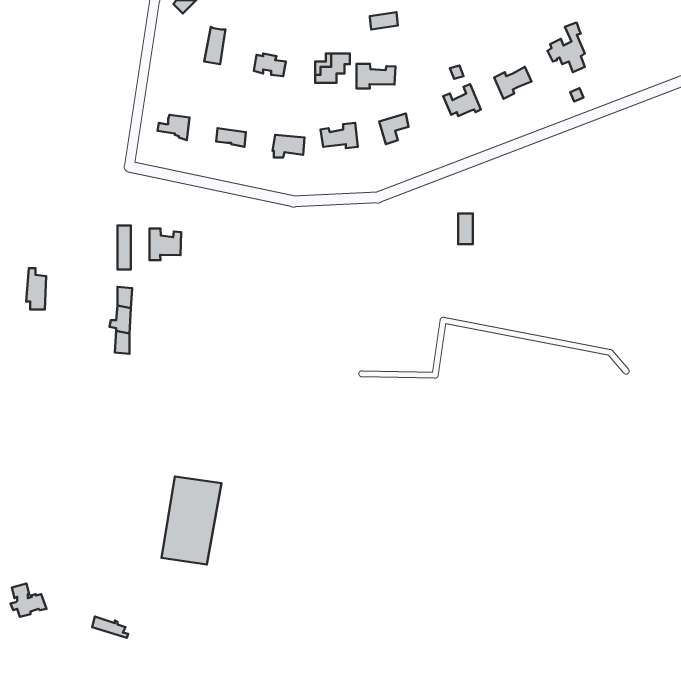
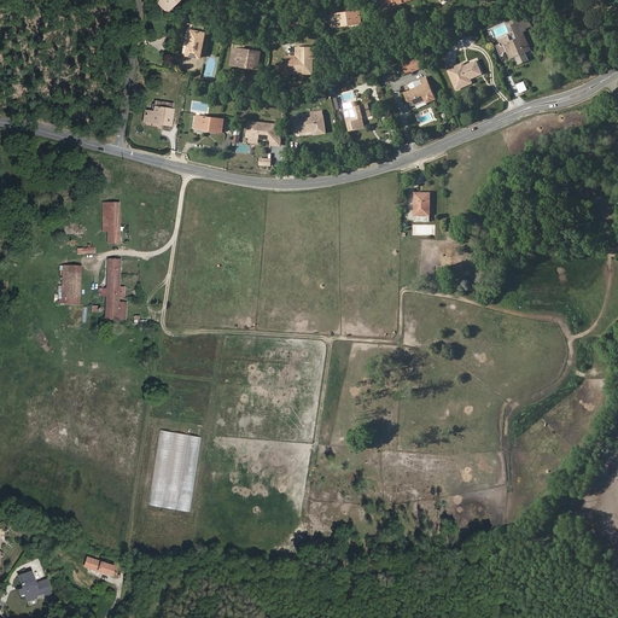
building: [357,64,395,88] -> none
building: [150,229,181,260] -> none
building: [26,268,46,310] -> [60,267,78,304]
building: [11,584,47,617] -> [16,573,48,604]

